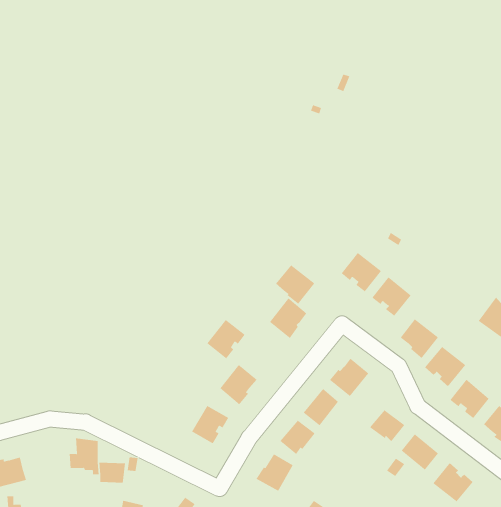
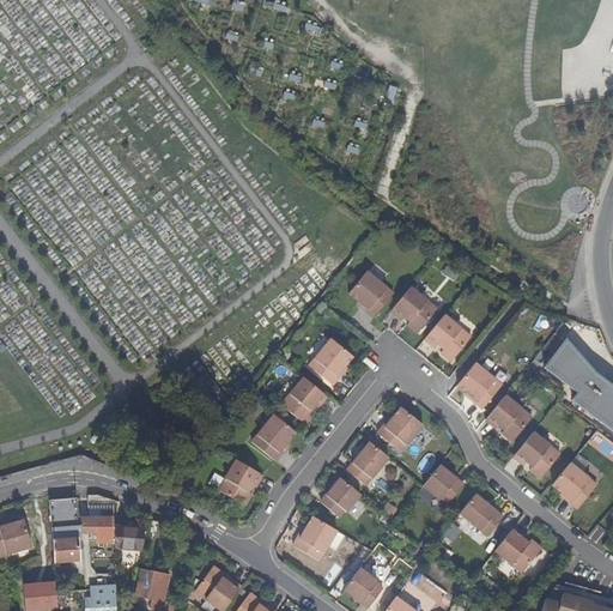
building: [275,264,315,305] -> [348,272,394,317]
building: [207,319,246,359] -> [283,379,327,424]
building: none -> [50,498,80,562]

